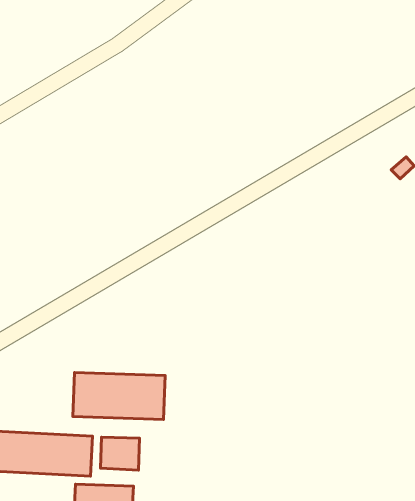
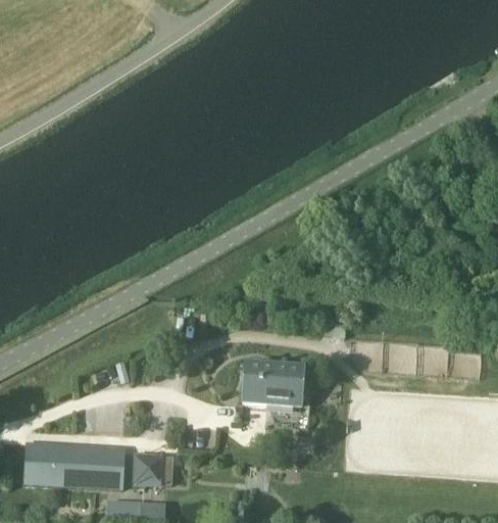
building: none -> [243,361,310,420]
building: [73,373,165,419] -> none

